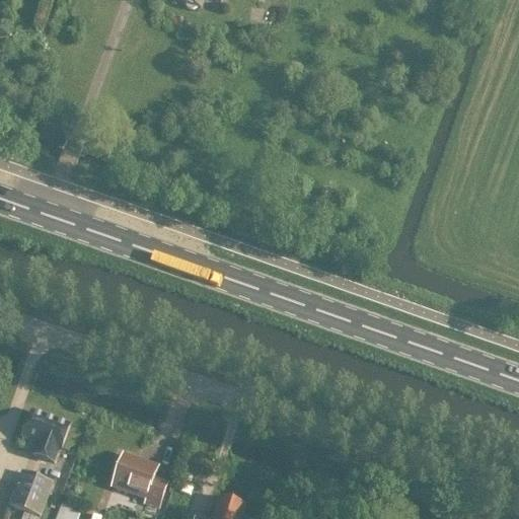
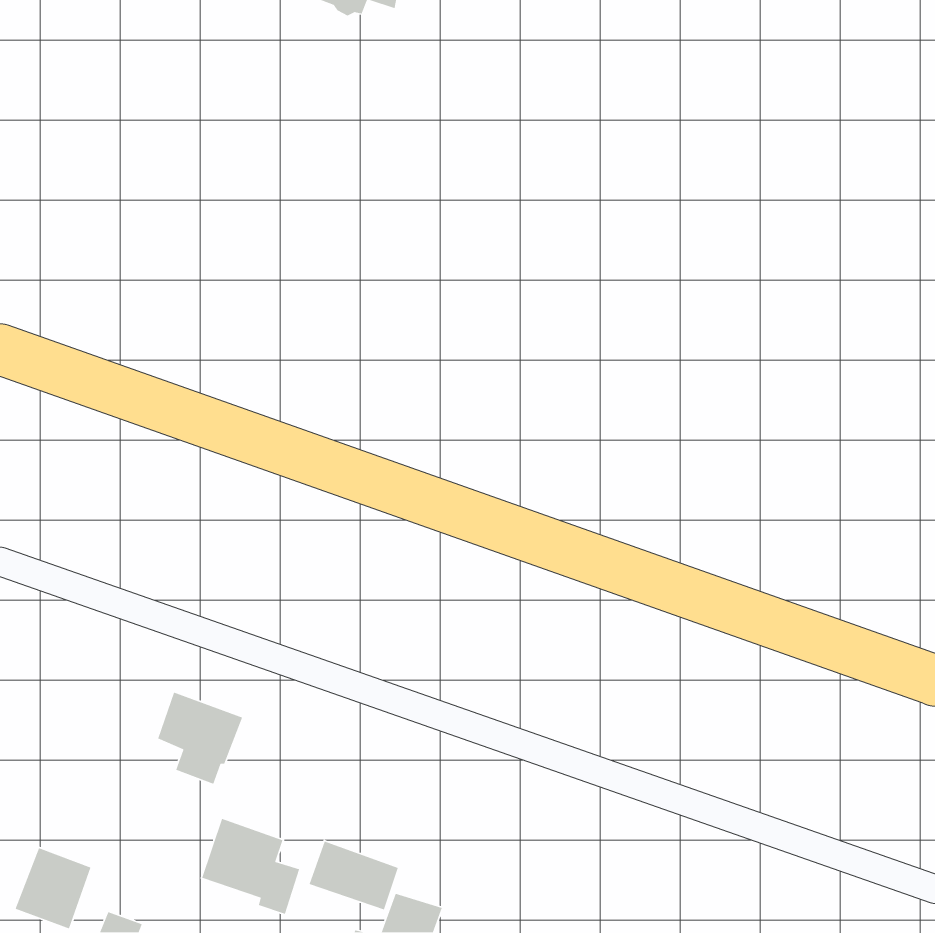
building: [21,409,69,460] -> [157,691,243,785]
building: none -> [309,840,399,910]

